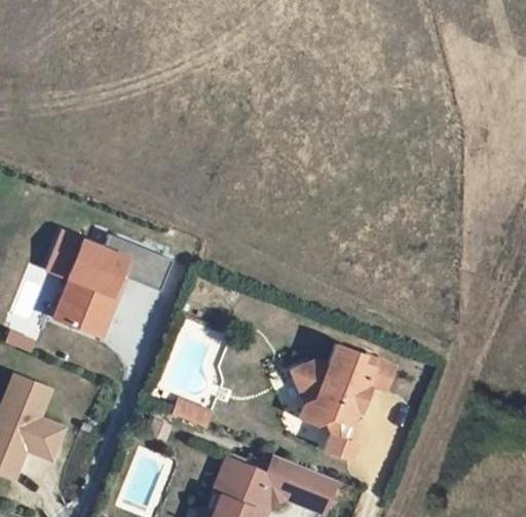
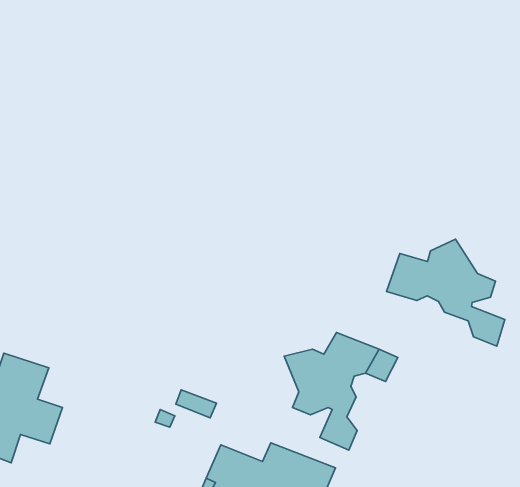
building: [45,227,134,337] -> none
building: none -> [387,239,505,346]

